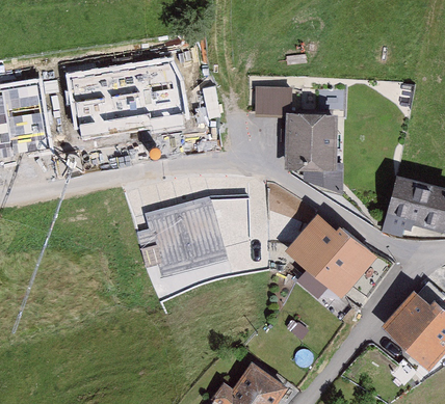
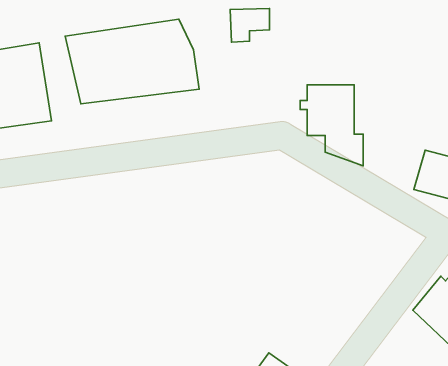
building: [254,83,290,114] -> [230,8,270,42]
building: [147,198,247,278] -> none
building: [305,219,371,287] -> none

